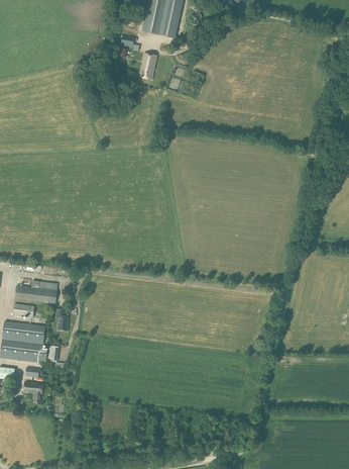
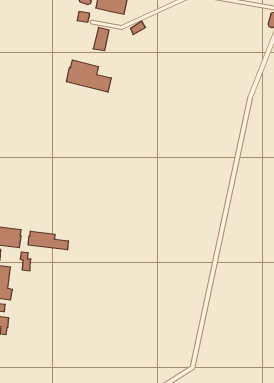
building: none -> [66,60,111,92]
building: none -> [28,231,68,250]

